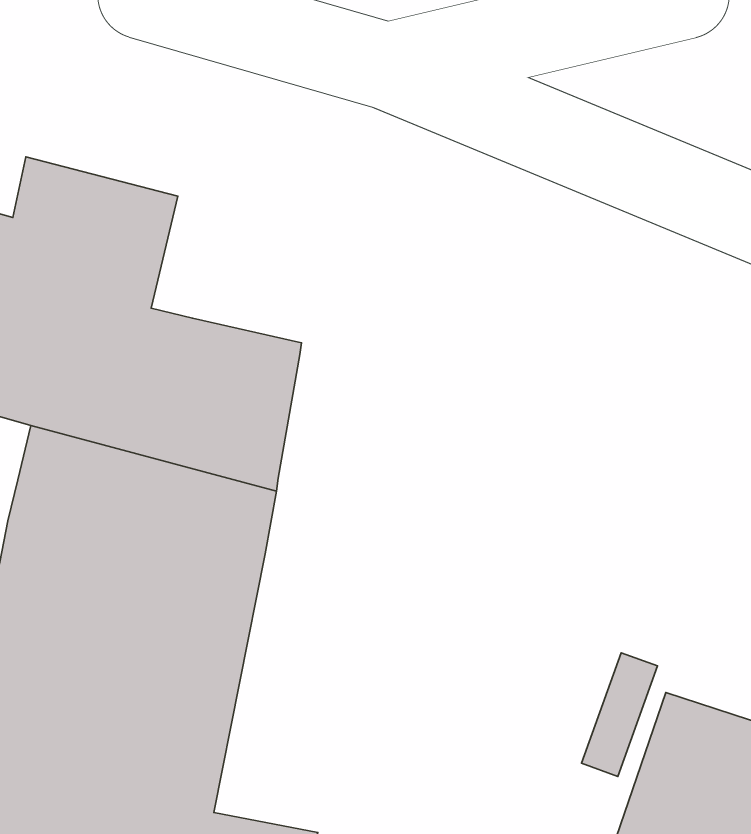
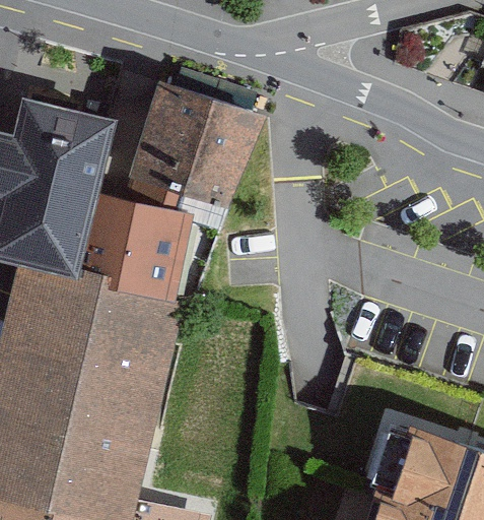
building: none -> [124,80,266,231]

